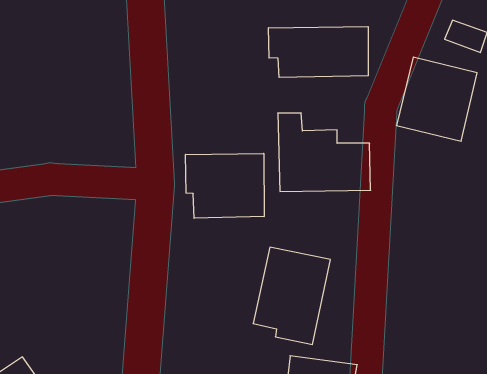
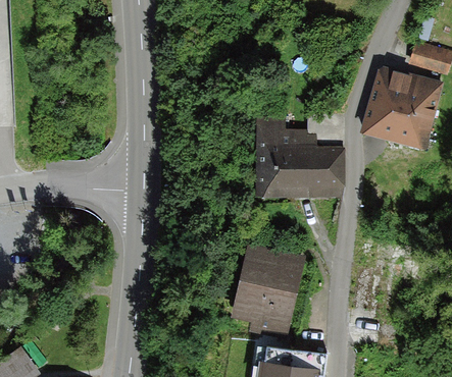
building: [269,27,368,77] -> none
building: [186,153,264,218] -> none

